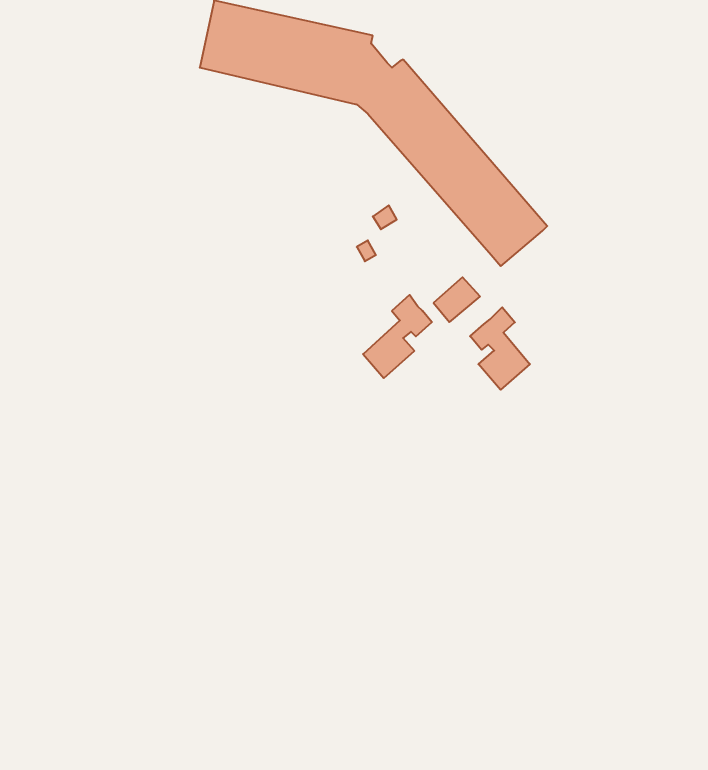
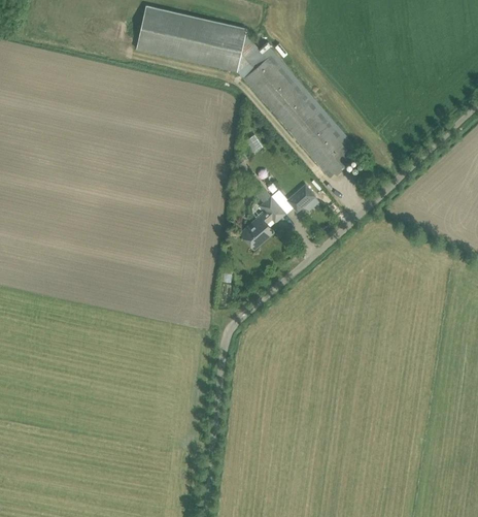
building: [470,307,530,390] -> none

